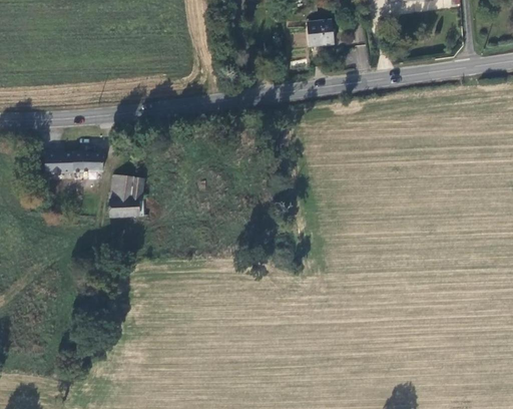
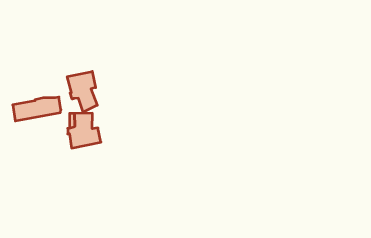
building: none -> [67,71,97,112]

